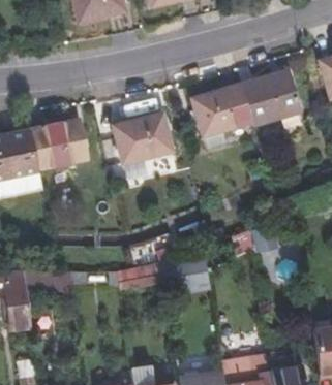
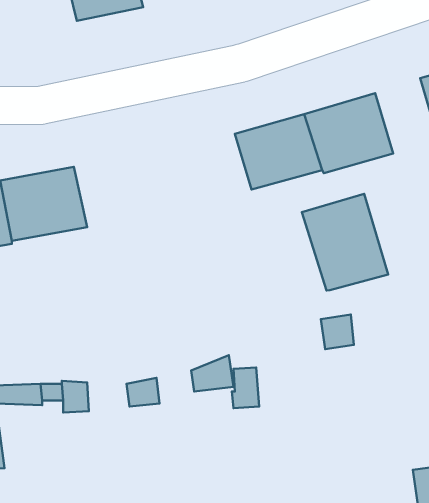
building: [115,116,176,164] -> none
building: none -> [302,194,388,291]

